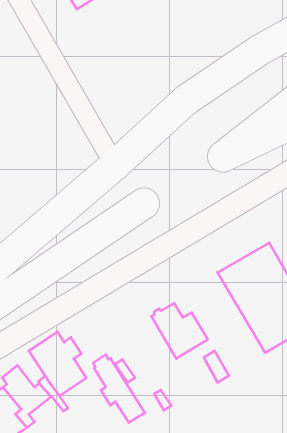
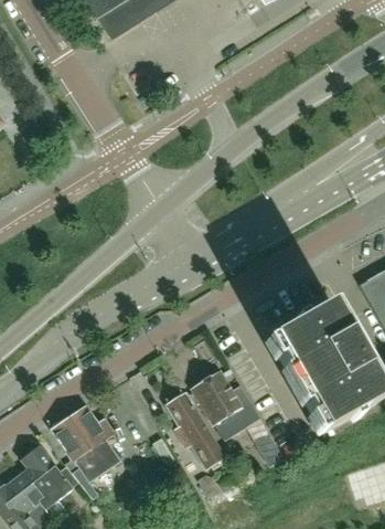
building: [93,355,145,423] -> [165,387,225,465]

